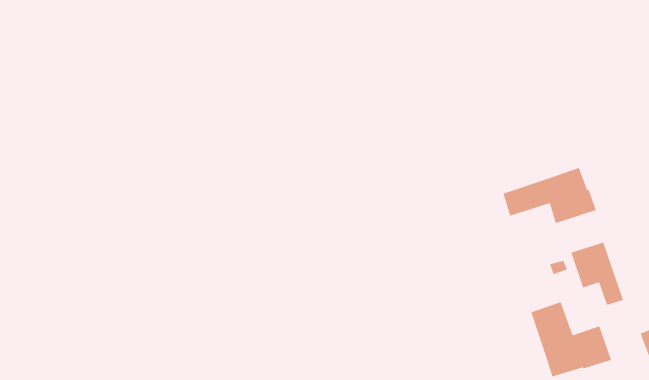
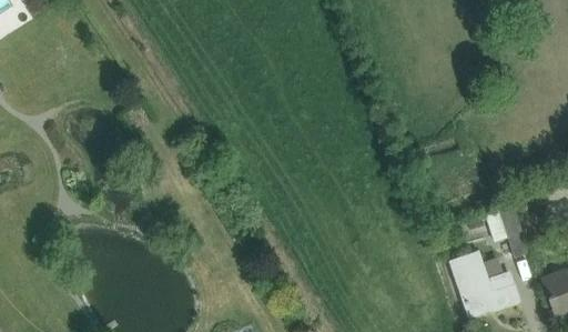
building: [503,167,597,224] -> none

